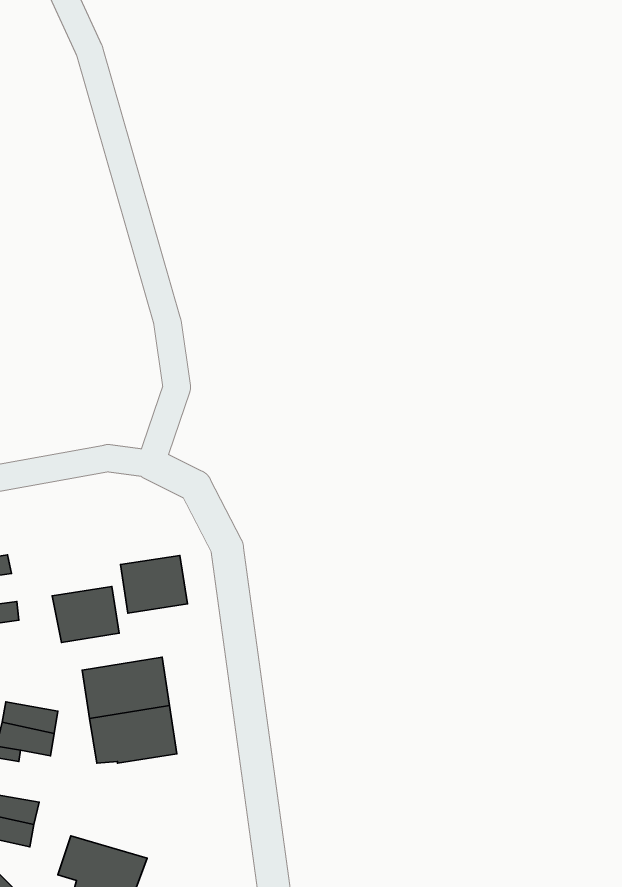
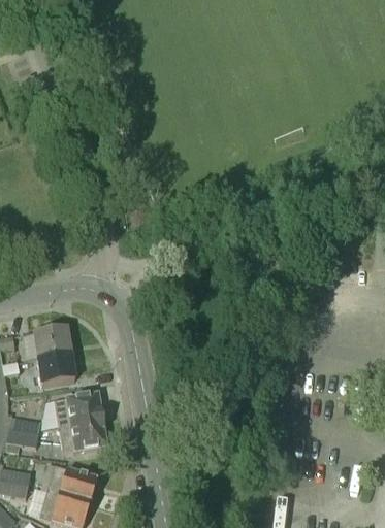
building: [120,555,187,613] -> [33,327,70,359]
building: none -> [47,465,97,504]

